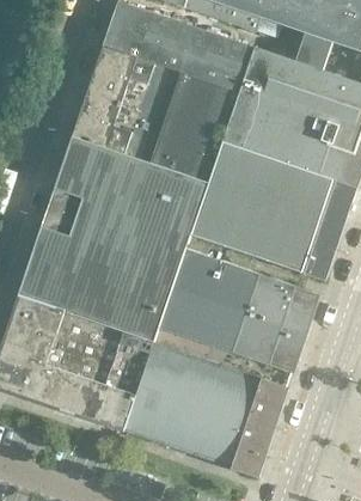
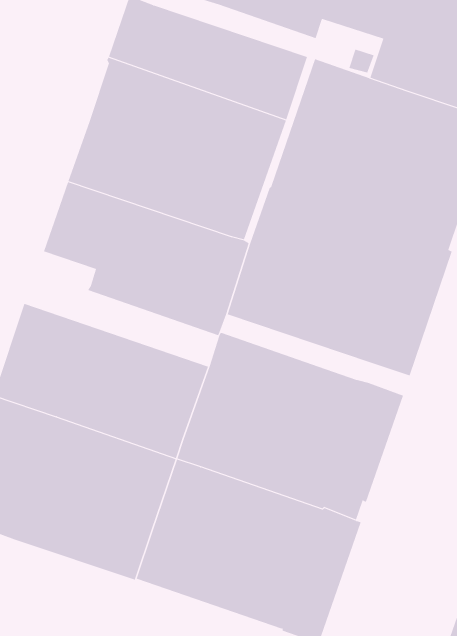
building: [41,189,184,274] -> none

